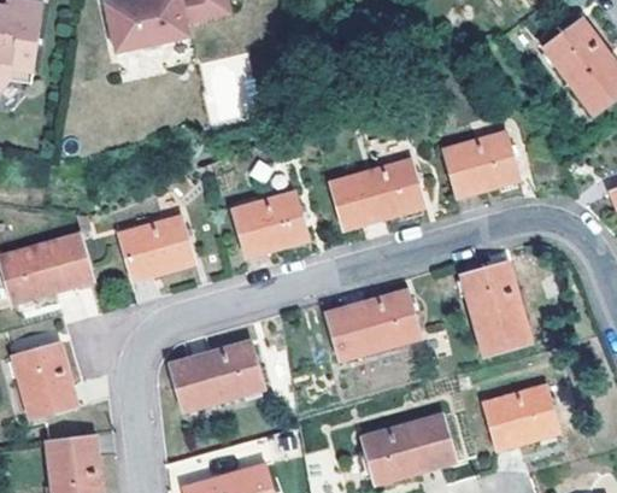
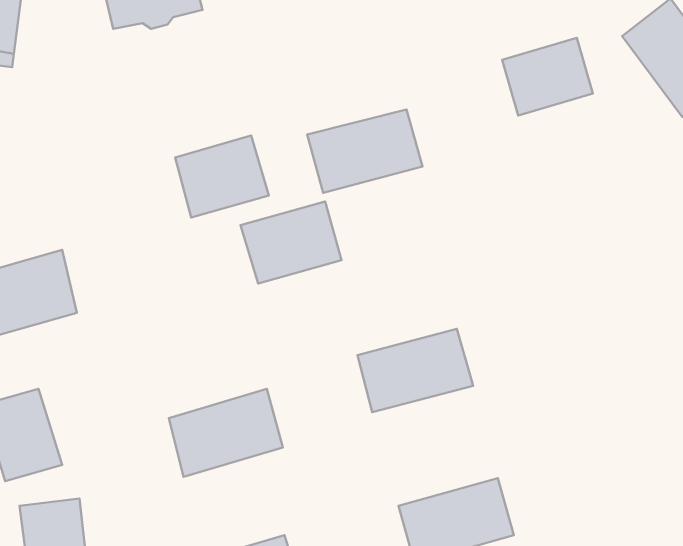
building: [442,133,517,196] -> [502,38,593,115]
building: [329,159,424,228] -> [307,110,423,193]
building: [117,212,194,280] -> [175,135,269,217]
building: [458,263,529,358] -> none
building: [482,386,558,451] -> none

